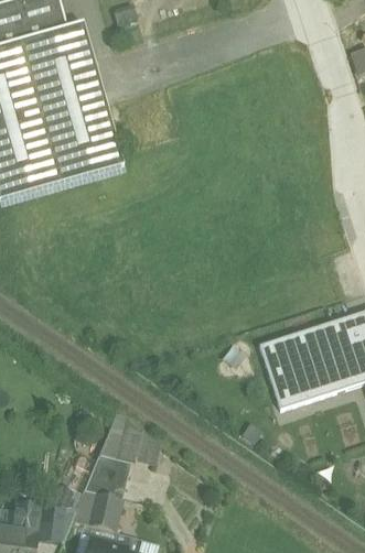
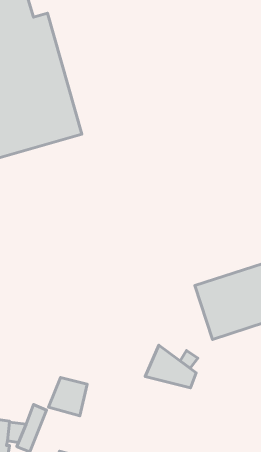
building: [101,414,162,465] -> [145,345,196,388]
building: [72,490,122,532] -> none

